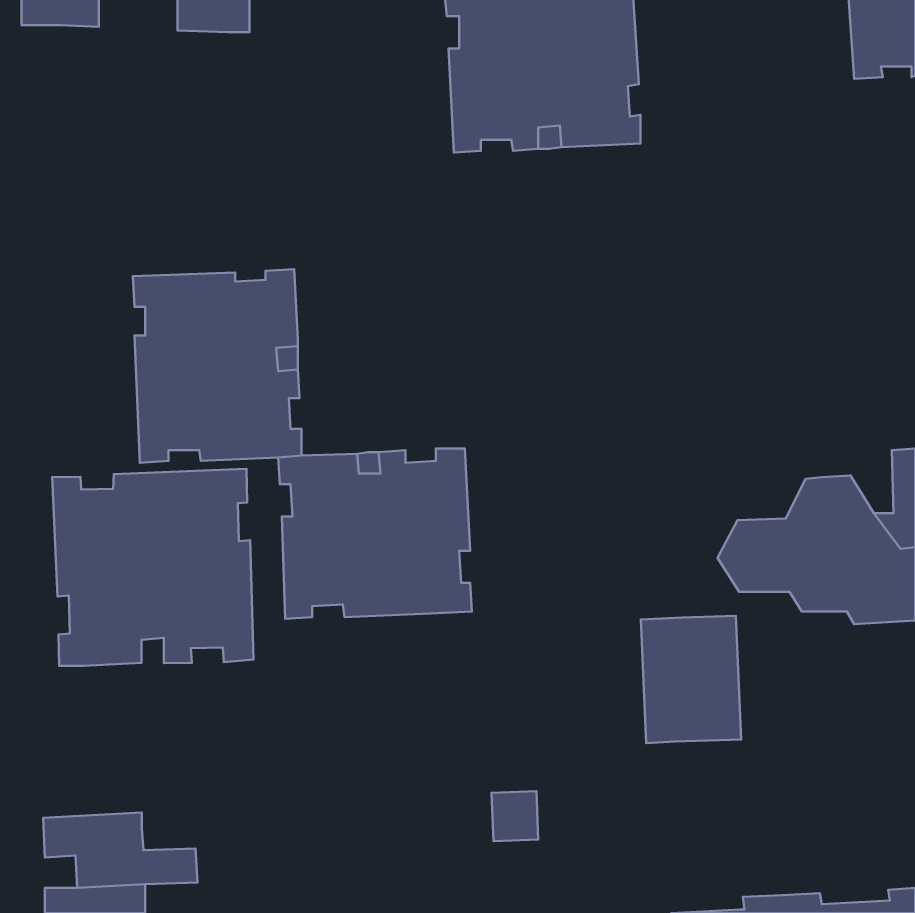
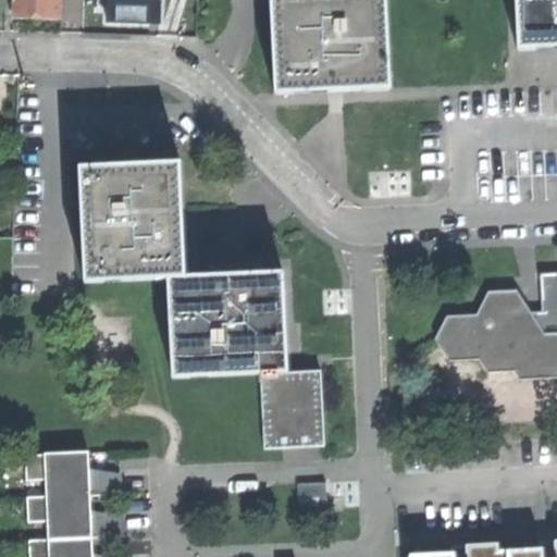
building: [52,469,254,666] -> none
building: [641,616,741,743] -> [261,370,322,447]
building: none -> [25,451,119,495]

